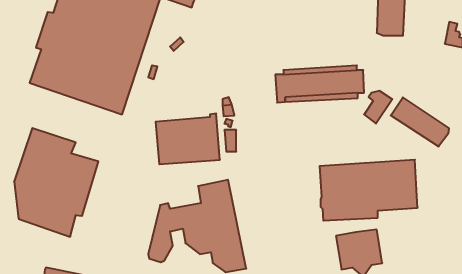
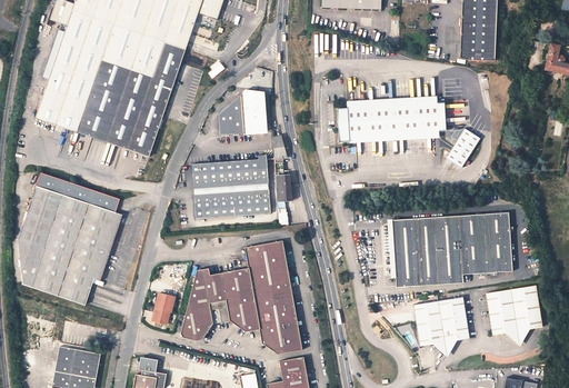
building: none -> [217,97,264,141]
building: [391,97,449,147] -> none
building: none -> [485,285,541,342]
building: none -> [154,294,176,325]

